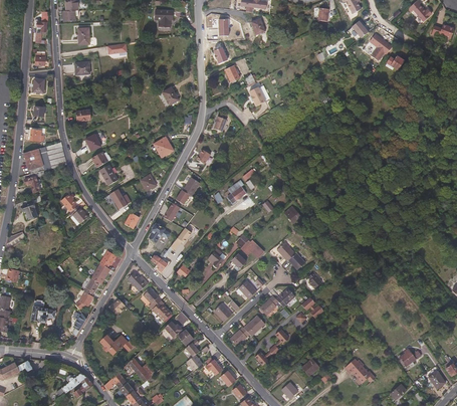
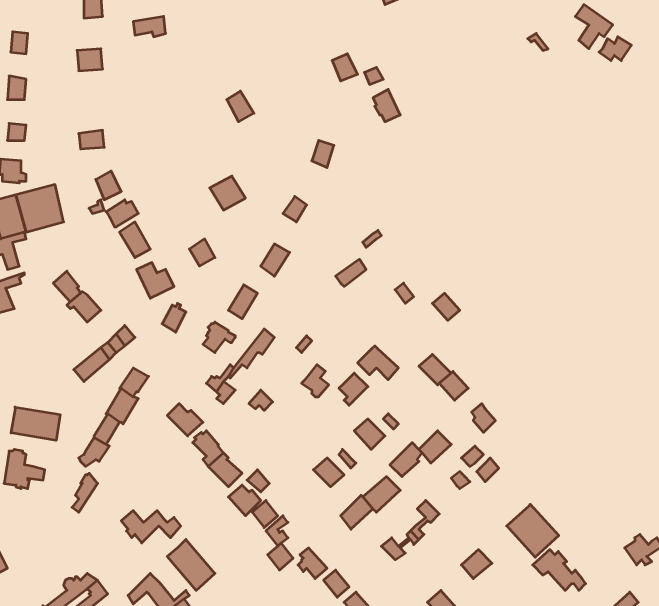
building: none -> [11,407,60,440]
building: none -> [507,504,559,557]

